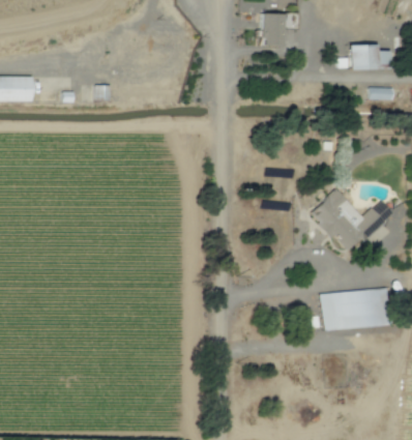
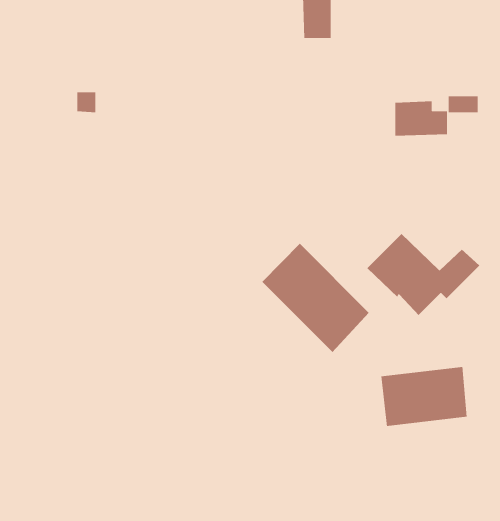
building: [351,43,390,69] -> [395,101,448,136]
building: none -> [262,243,370,353]

